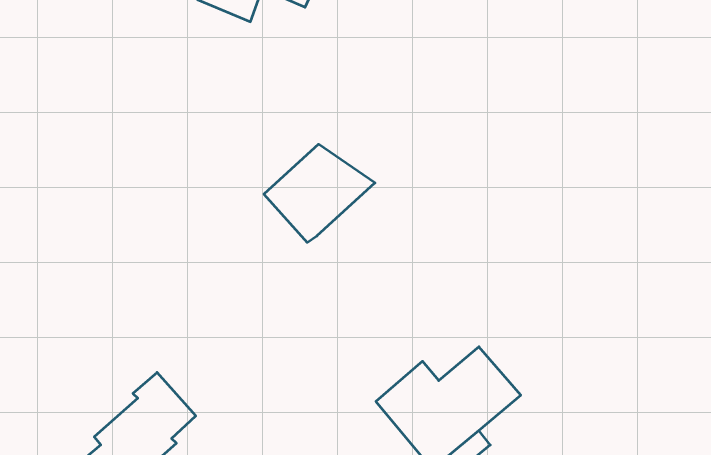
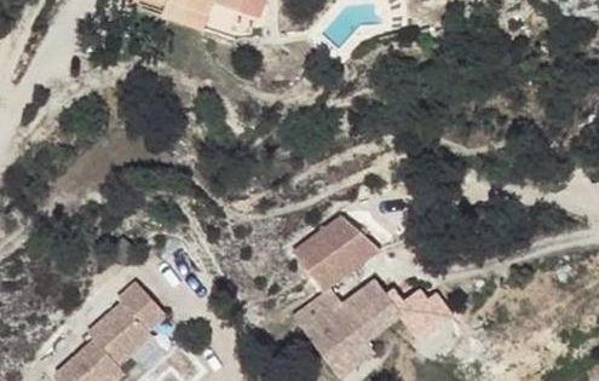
building: [264,144,375,242] -> [289,215,373,289]

